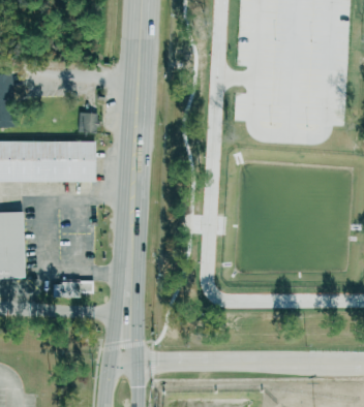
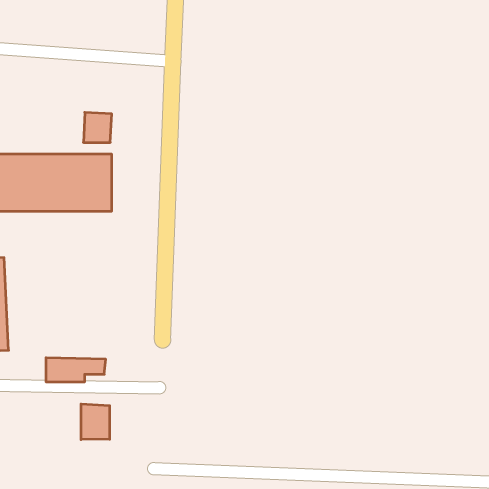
building: none -> [81,404,110,440]

